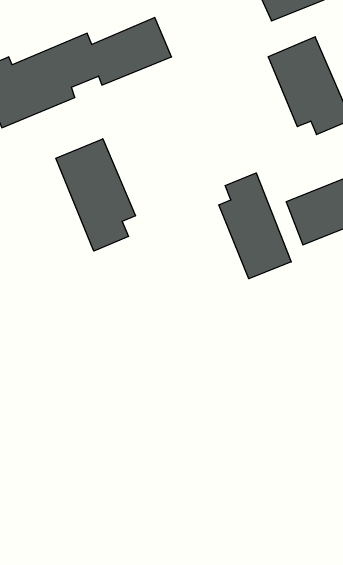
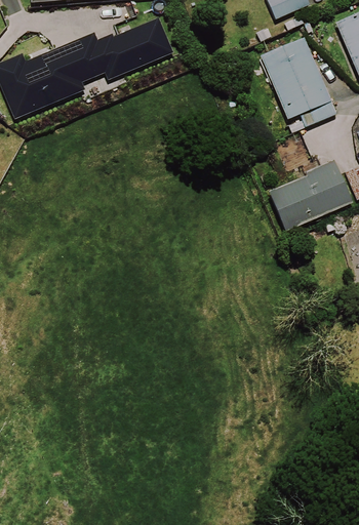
building: [56,139,135,251] -> none
building: [219,173,291,279] -> none

